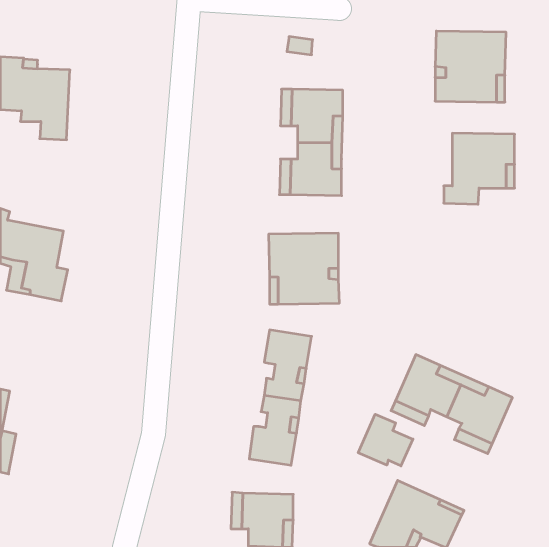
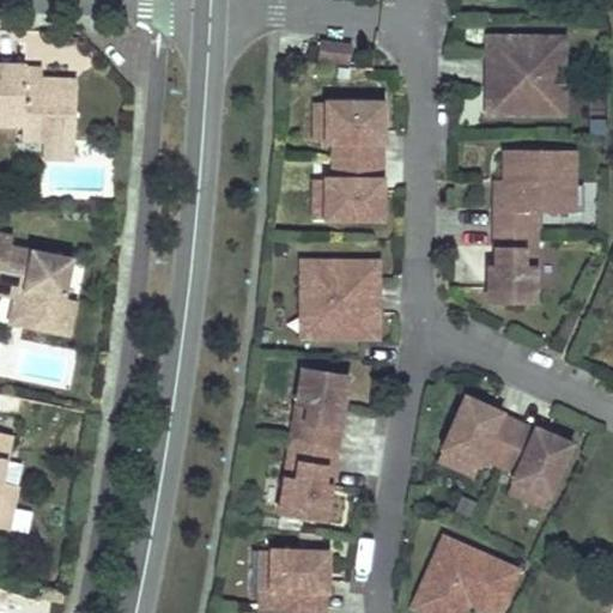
building: none -> [488,226,536,302]
building: [358,414,413,466] -> none

